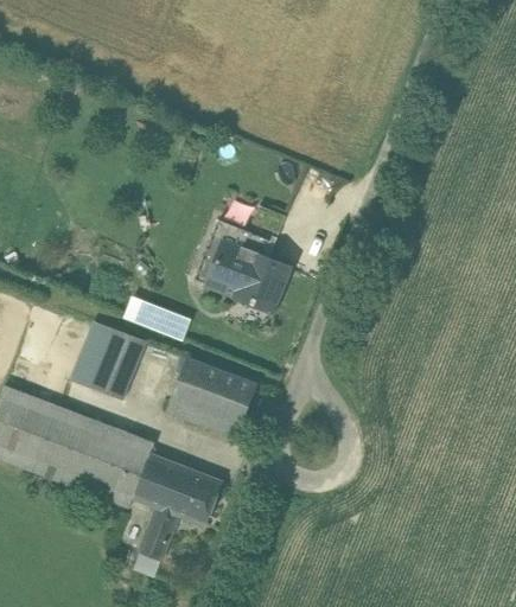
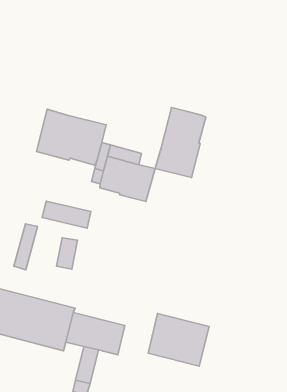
building: none -> [37,109,106,165]
building: none -> [155,107,206,177]
building: [89,327,146,398] -> none
building: [166,356,257,437] -> [148,314,209,366]

